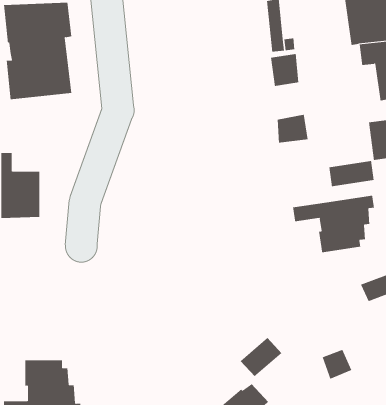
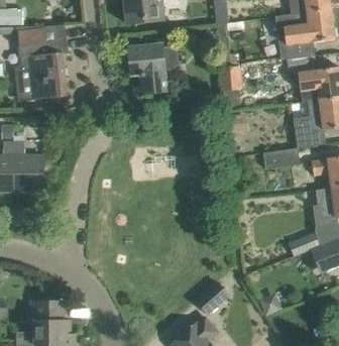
building: none -> [128,43,177,95]
building: [293,195,374,253] -> none

